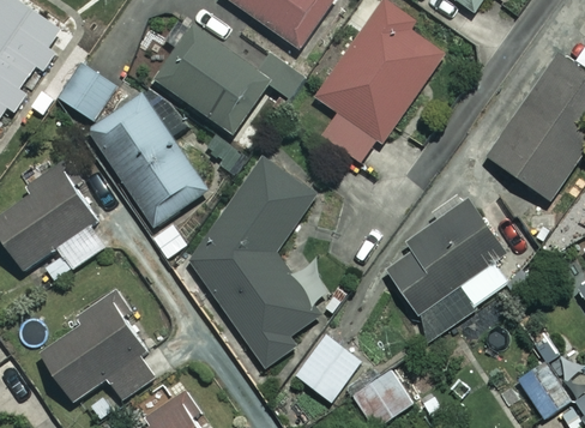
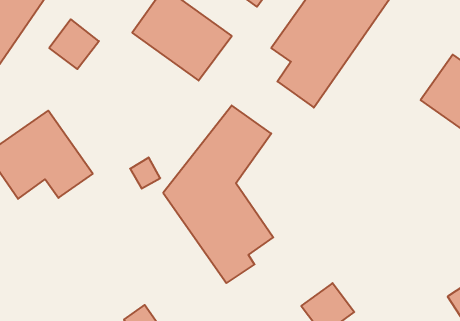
building: [89,95,207,227] -> none
building: [384,200,519,321] -> none
building: [37,302,158,403] -> none
building: [295,334,361,402] -> none

